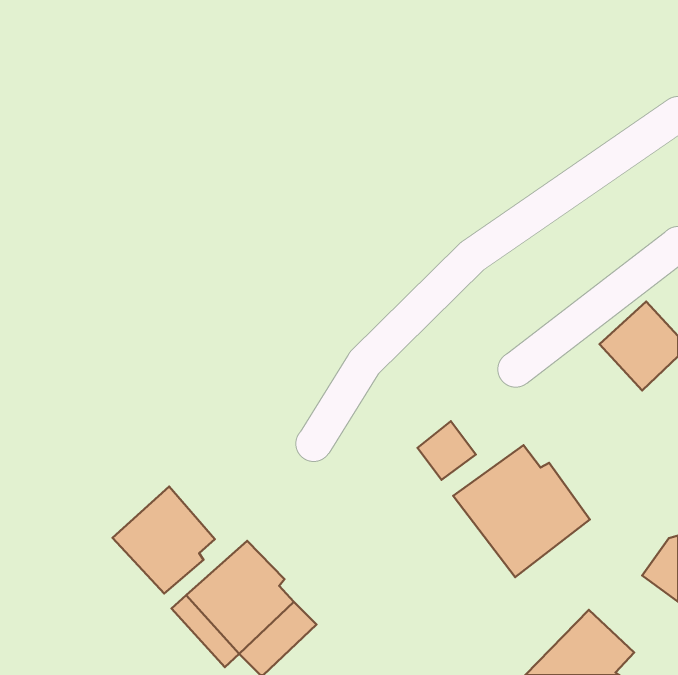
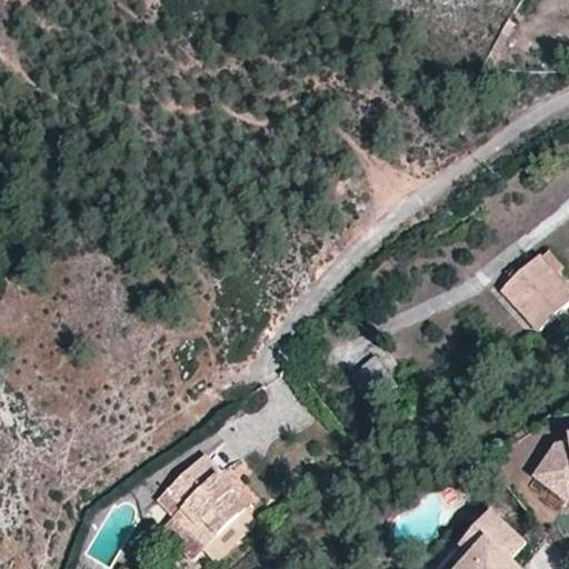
building: [453,445,590,577] -> none
building: [113,487,215,594] -> none

